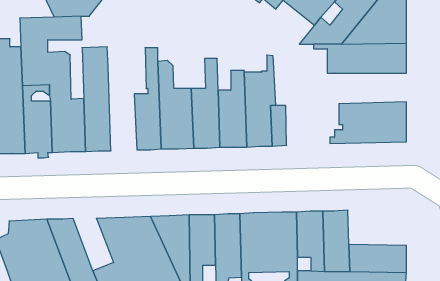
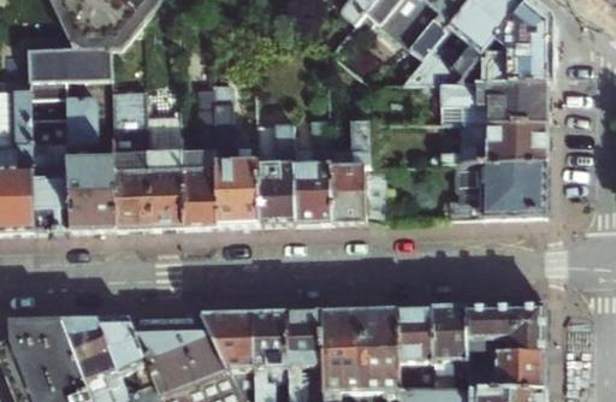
building: none -> [148,113,186,226]
building: none -> [416,123,546,165]
building: none -> [468,303,546,353]
building: none -> [101,317,155,386]

